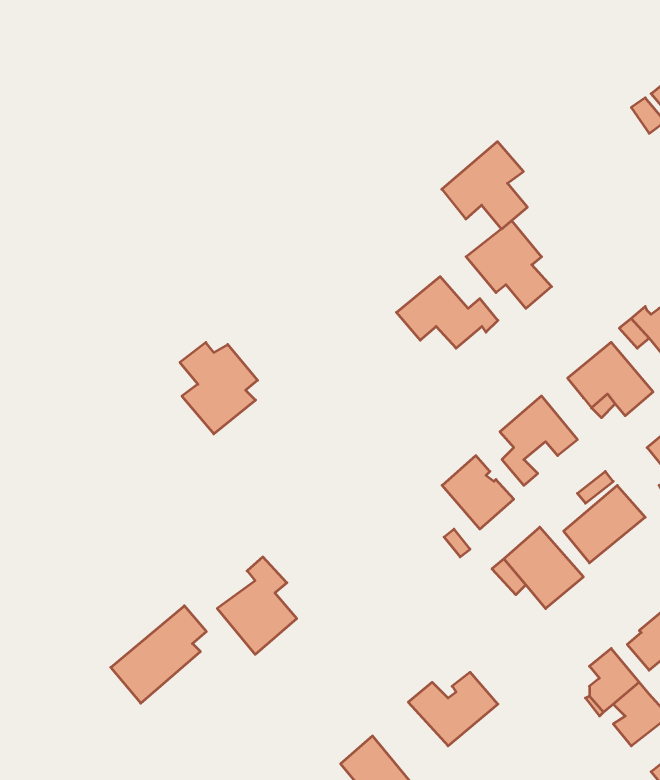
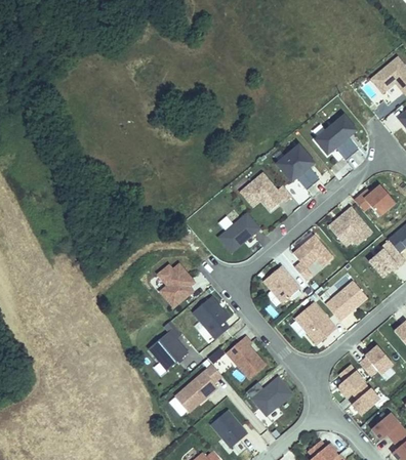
building: [442,142,527,229] -> [315,115,359,160]
building: [180,342,258,434] -> [157,260,197,307]
building: none -> [217,212,260,253]
building: none -> [193,296,230,339]
building: none -> [226,332,271,380]
building: [111,606,206,703] -> [174,361,224,411]

